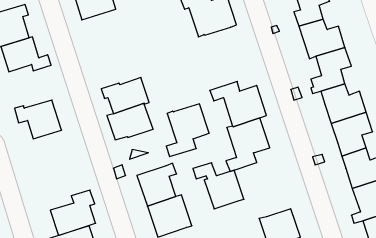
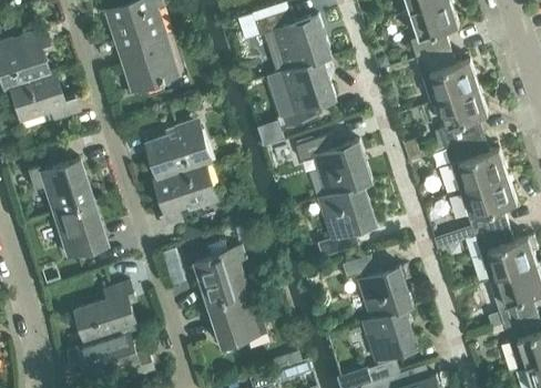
building: none -> [119,35,178,91]
building: [166,104,209,157] -> [277,60,336,132]
building: none -> [52,201,104,256]
building: [193,163,244,209] -> [343,256,412,319]

